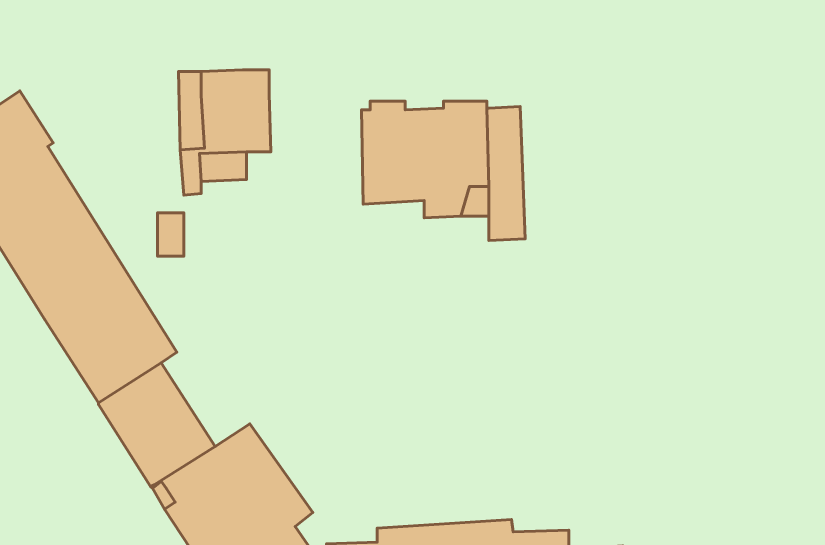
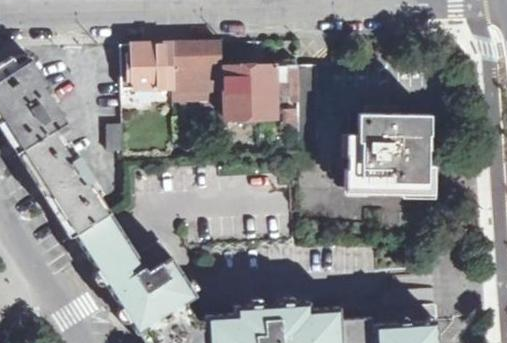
building: none -> [171,44,223,102]
building: none -> [347,114,427,194]

